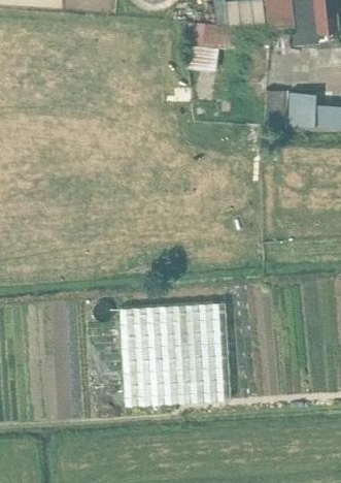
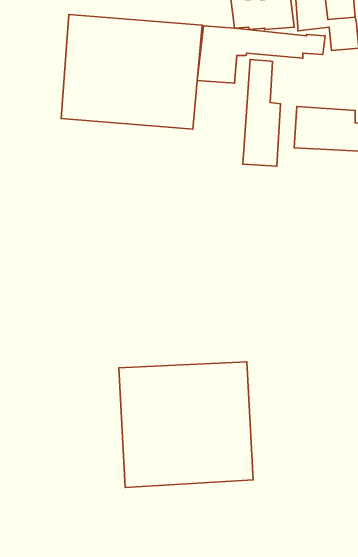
building: none -> [61,14,202,129]
building: none -> [243,60,280,166]

